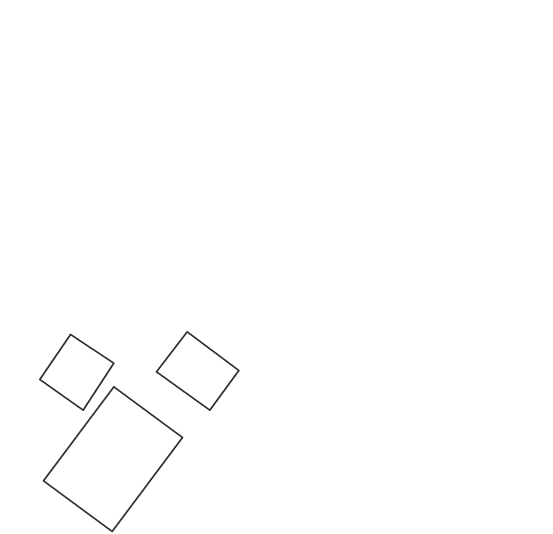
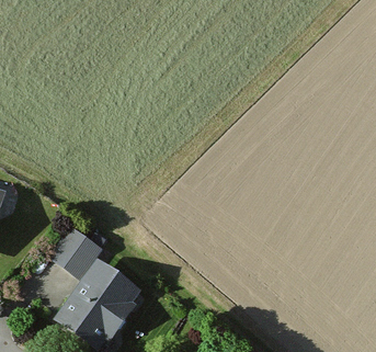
building: [156,332,239,410] -> none

